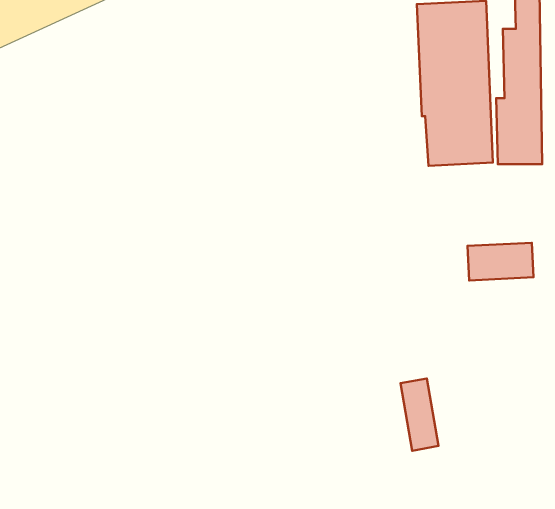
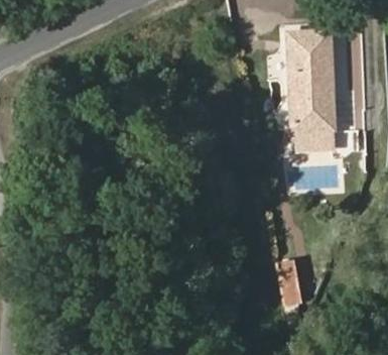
building: [468,243,534,281] -> [294,128,335,151]

